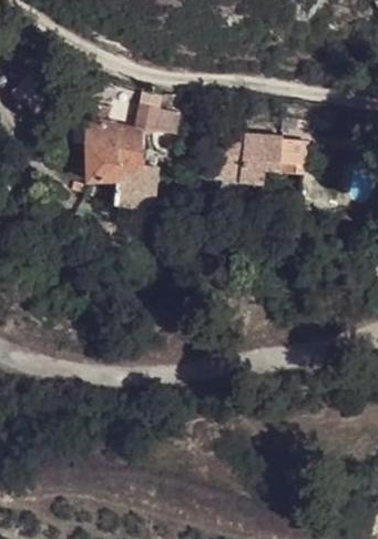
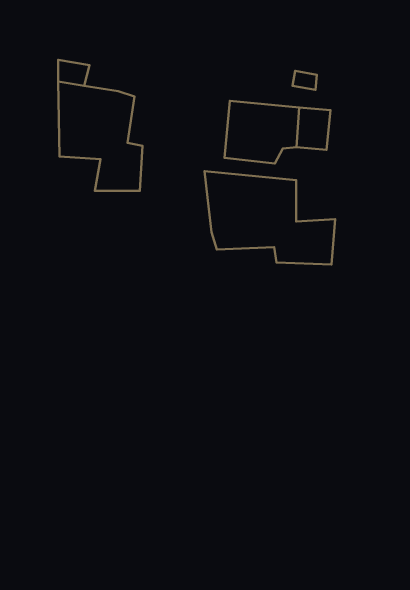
building: [135,104,181,134] -> none
building: none -> [204,171,335,264]

